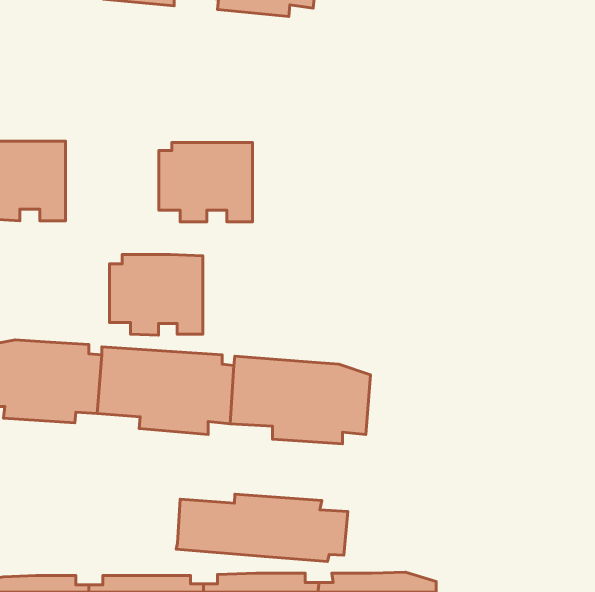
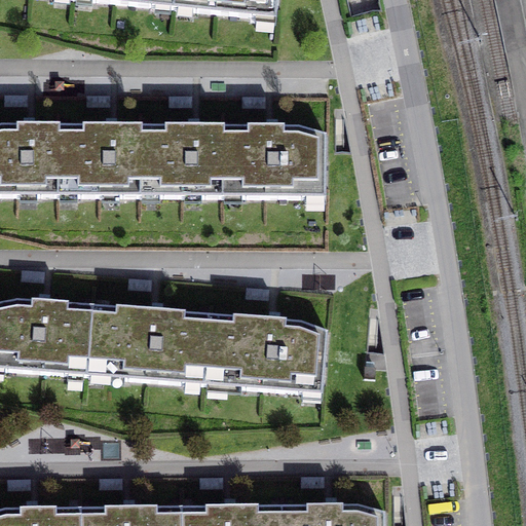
building: none -> [222,125,325,196]
building: [109,255,203,335] -> [58,124,140,195]
building: [176,494,348,561] -> none

